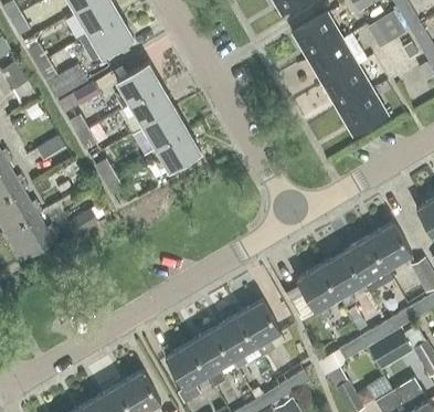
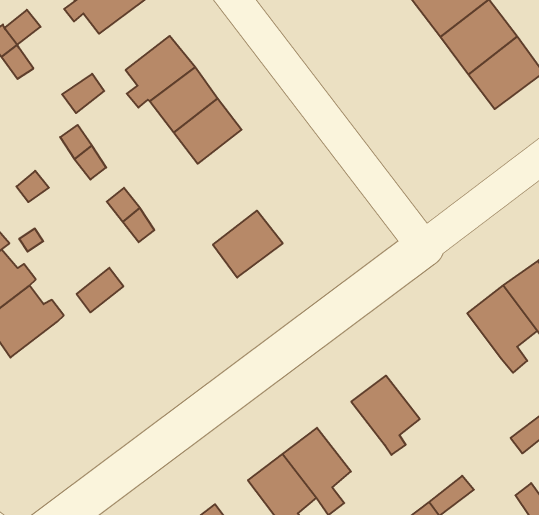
building: [46,65,87,99] -> none
building: [156,130,201,172] -> [213,211,283,278]
building: [296,266,338,323] -> none
building: [213,315,256,367] -> none

